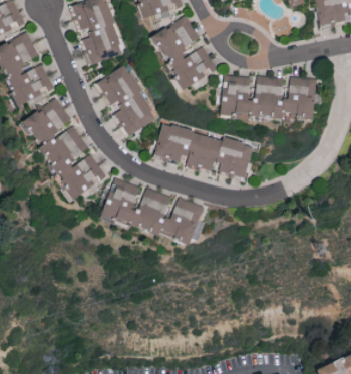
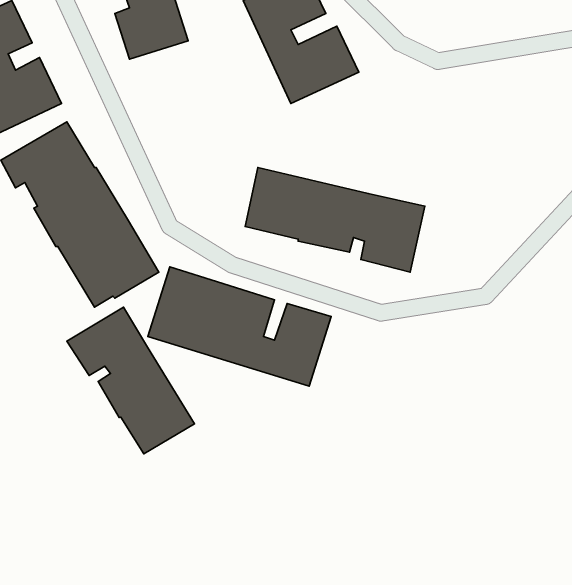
building: [97,65,157,136] -> none
building: [220,75,316,119] -> none
building: none -> [67,307,194,454]

